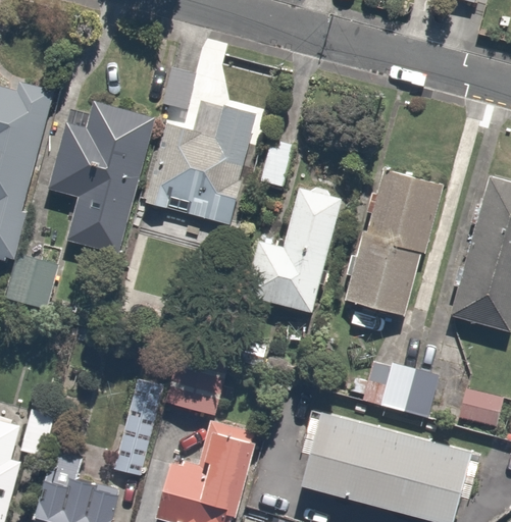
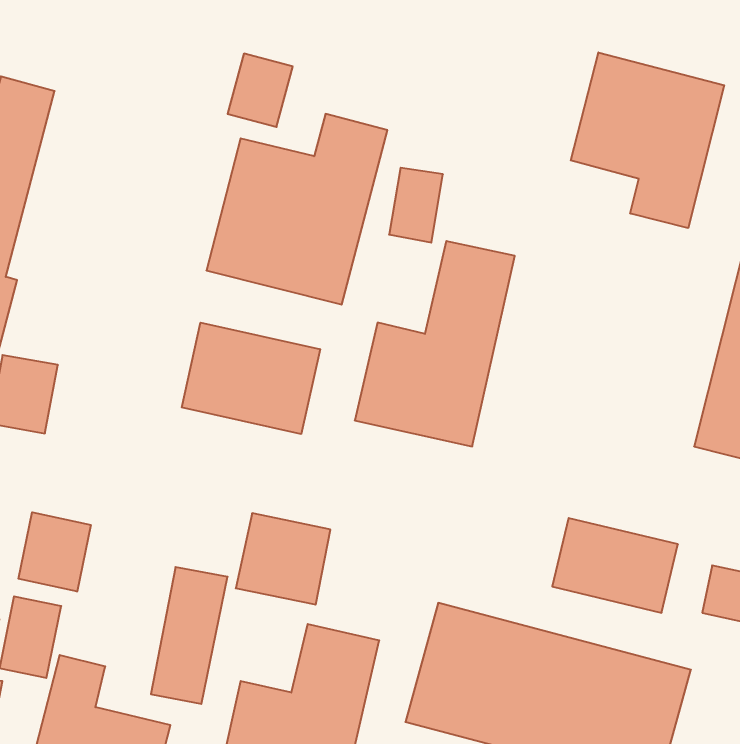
building: none -> [571,52,724,228]
building: [48,100,151,254] -> none
building: [346,168,441,316] -> none
building: none -> [182,323,320,434]
building: none -> [18,512,91,592]

